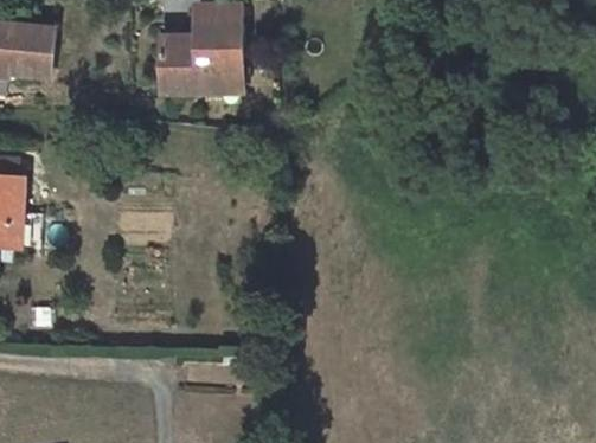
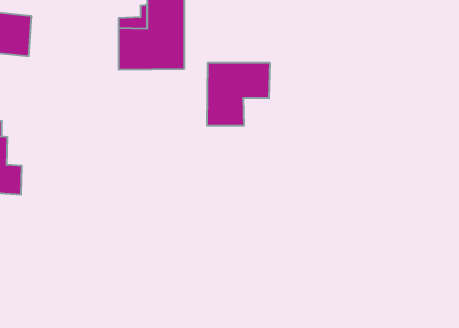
building: none -> [207,63,270,126]

